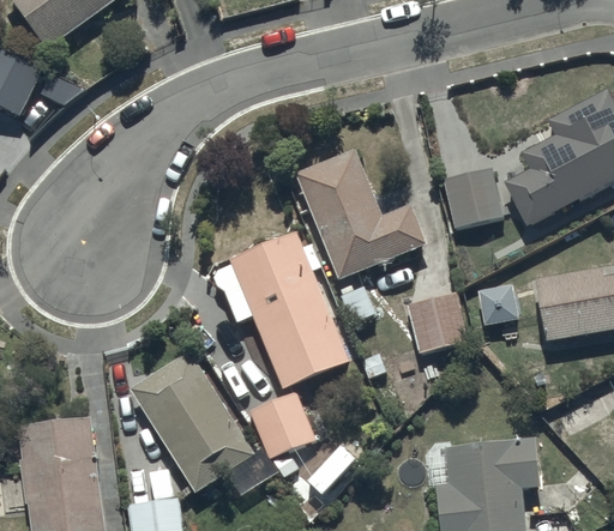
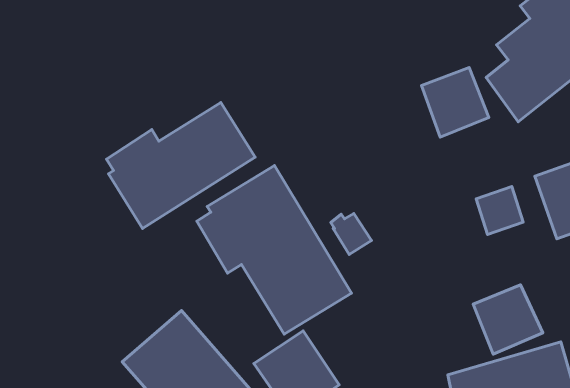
building: [295,149,428,280] -> none
building: none -> [106,103,255,228]
building: [409,294,469,354] -> [473,285,543,354]

